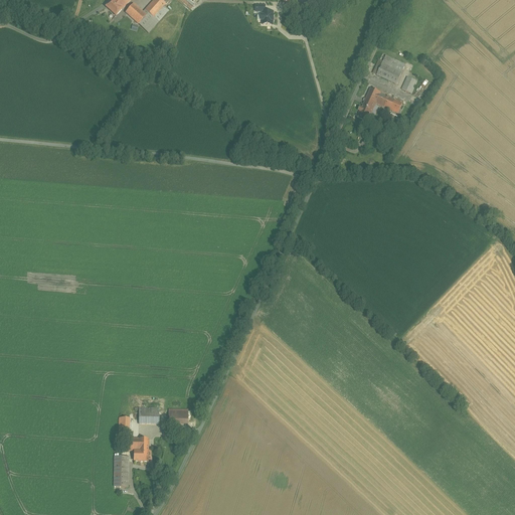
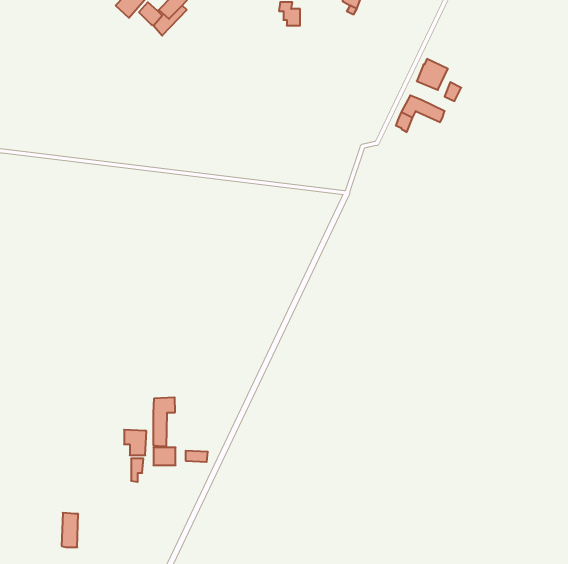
building: none -> [154,397,175,447]
building: [129,436,149,459] -> [124,430,146,455]
building: [114,454,129,485] -> [62,513,78,547]

